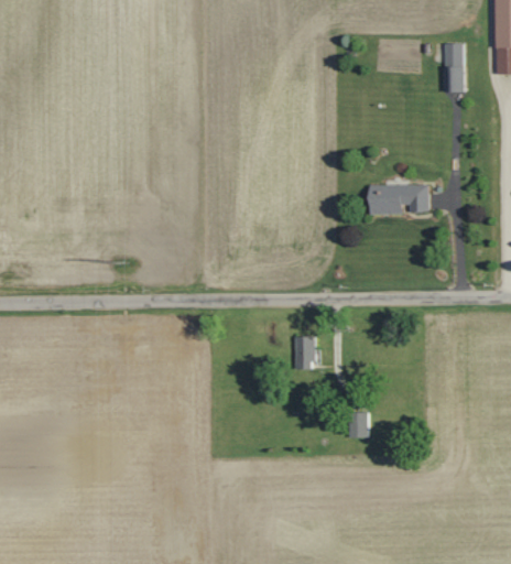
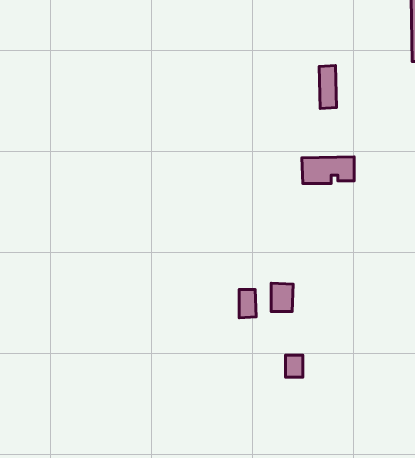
building: [444,42,464,91] -> [319,66,336,108]
building: none -> [271,283,293,311]

